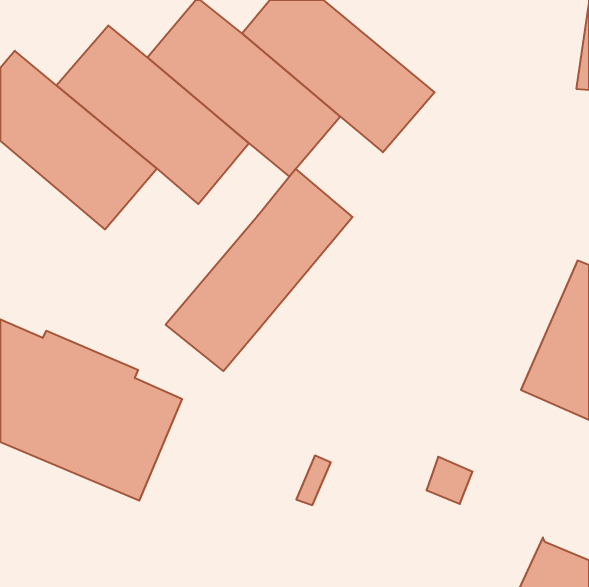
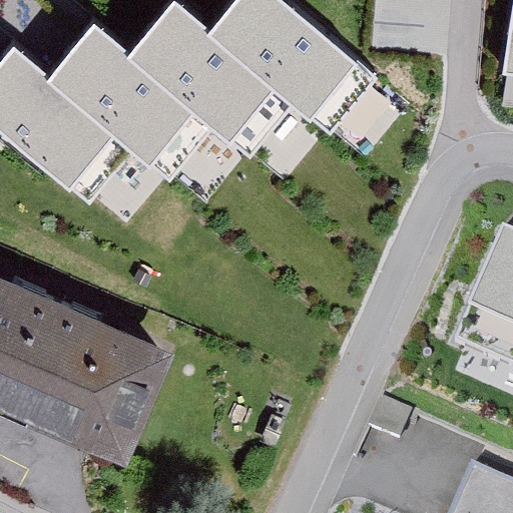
building: [166,169,353,371] -> none

